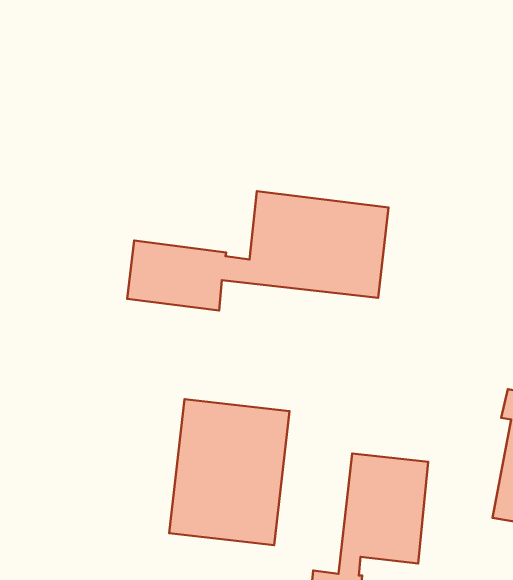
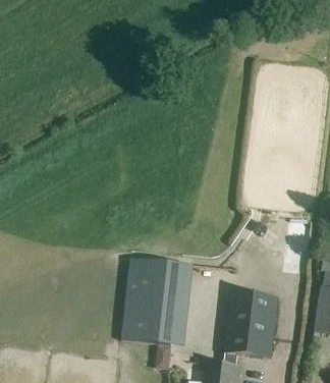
building: [127,191,388,311] -> none

